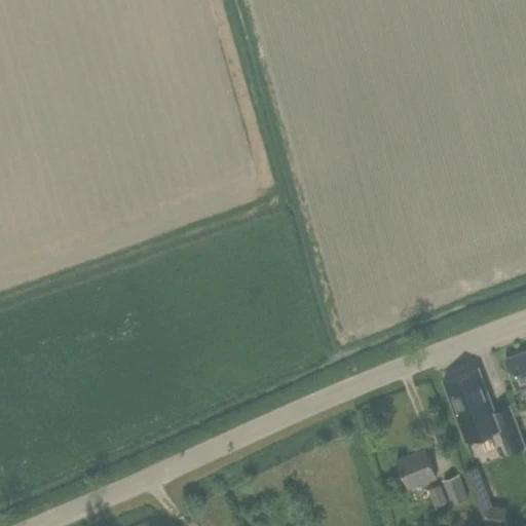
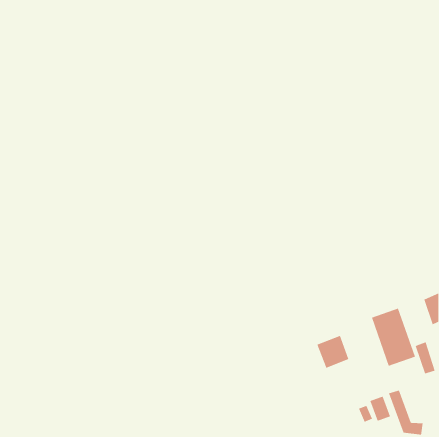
building: [397,450,436,490] -> [316,335,349,369]

